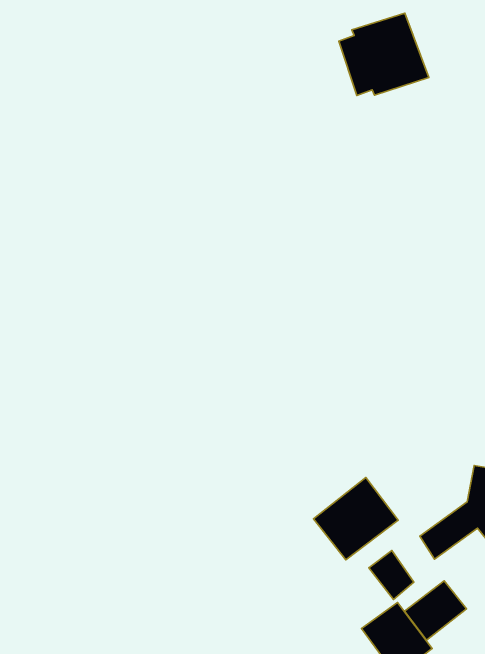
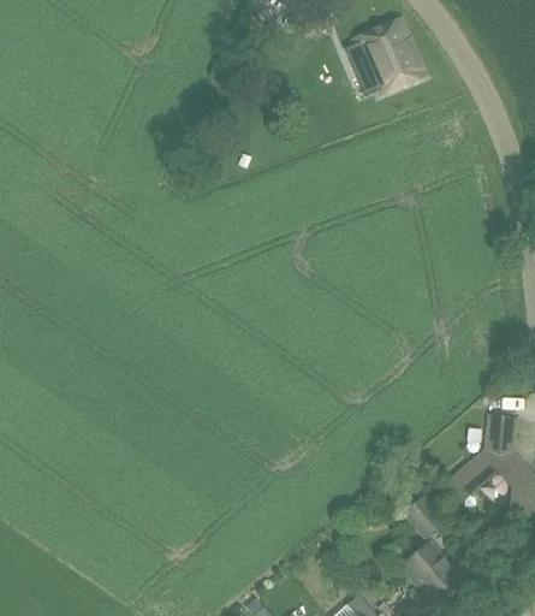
building: [313,478,398,560] -> none
building: [404,581,466,640] -> none

